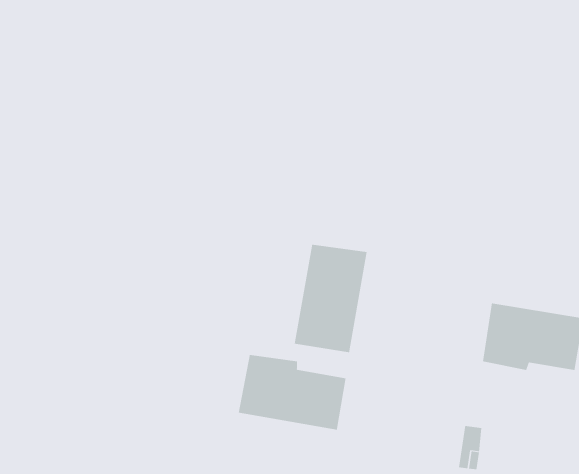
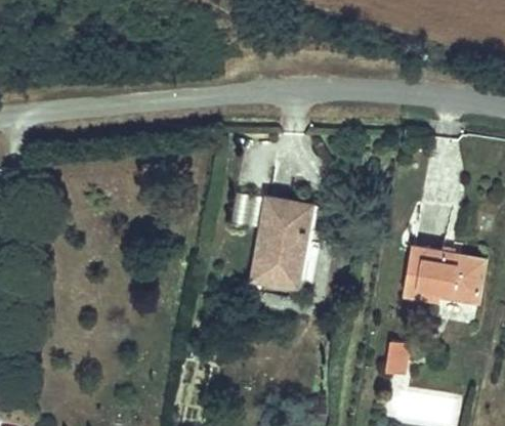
building: [238,354,346,431] -> none

